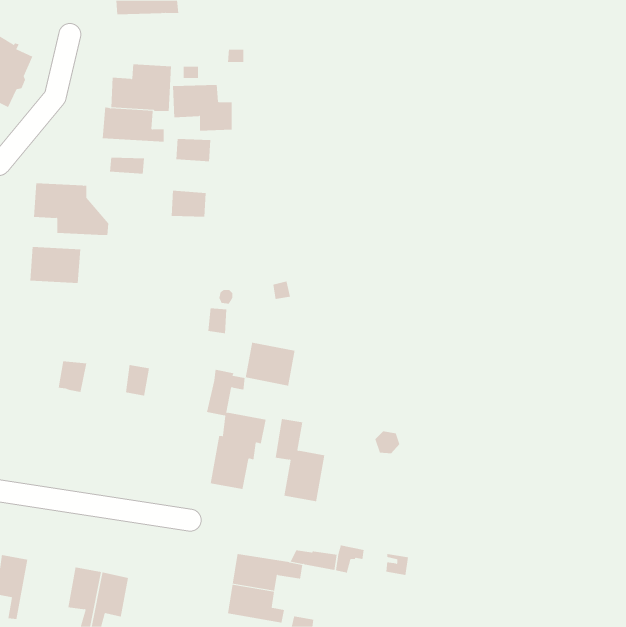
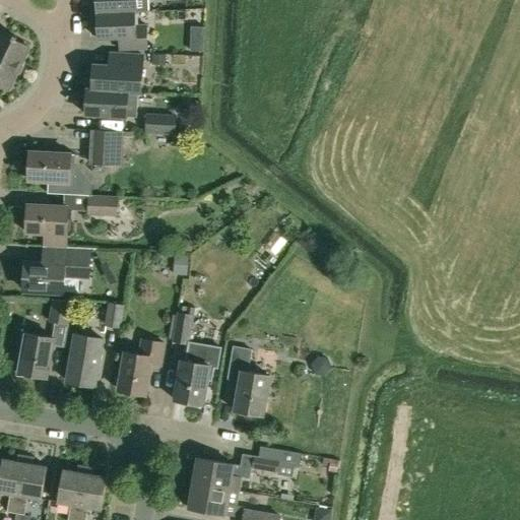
building: [172,85,232,131] -> [96,11,146,50]
building: [171,190,207,217] -> [89,142,119,165]
building: none -> [85,195,117,216]
building: none -> [22,246,88,292]
building: [245,342,295,387] -> none
building: none -> [18,333,52,378]
building: none -> [65,334,102,386]
building: none -> [118,341,162,394]
building: none -> [14,463,46,515]

